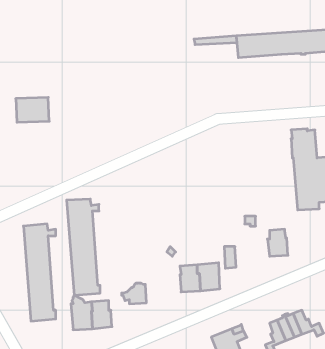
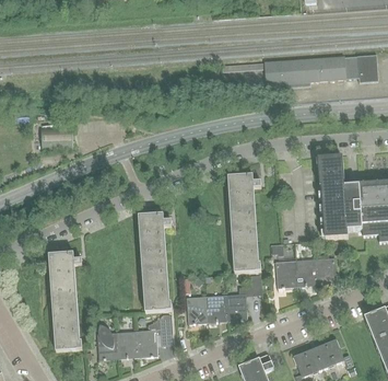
building: none -> [227,174,260,272]
building: [67,199,100,295] -> [138,213,172,311]
building: none -> [313,256,336,284]
building: none -> [275,258,297,286]
building: none -> [186,295,208,322]
building: none -> [134,328,157,356]

